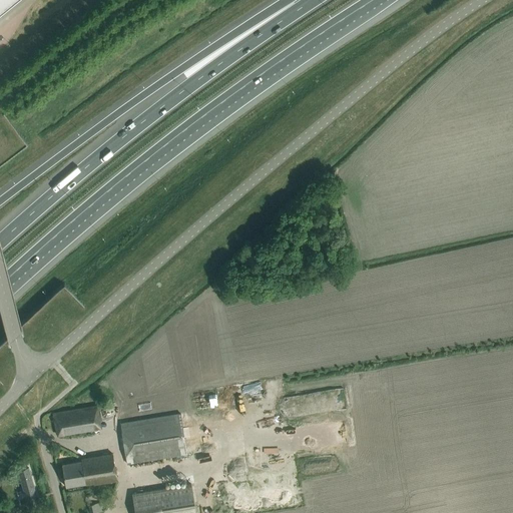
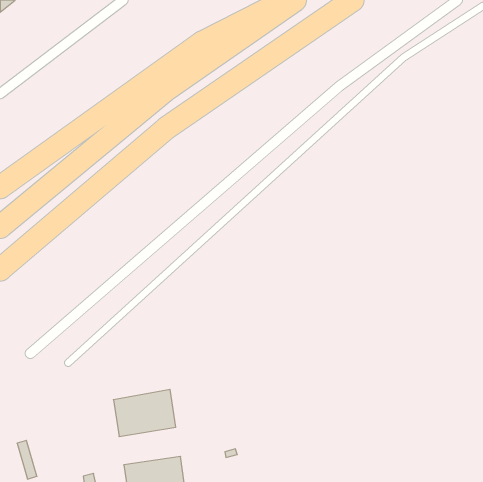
building: [52,406,102,436] -> none
building: [62,455,116,487] -> none

